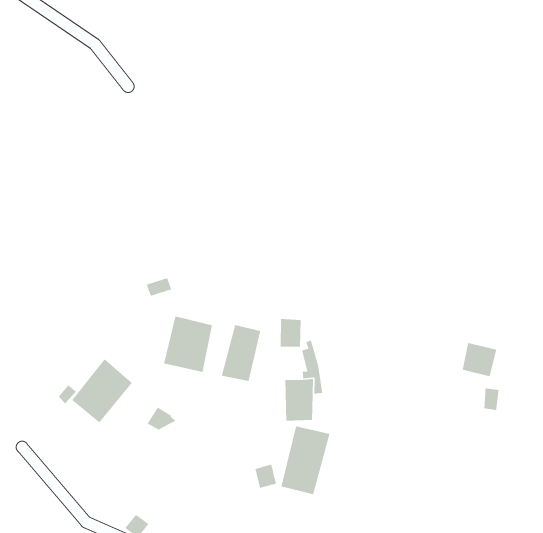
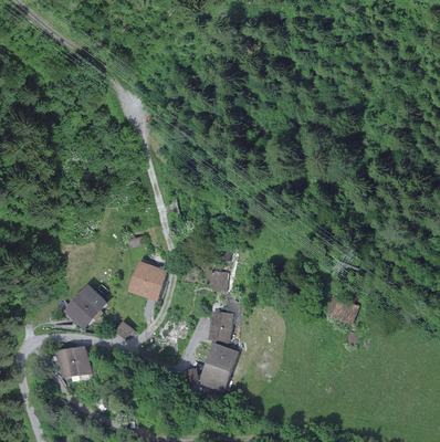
building: [221,324,261,382] -> none
building: none -> [56,346,90,377]

